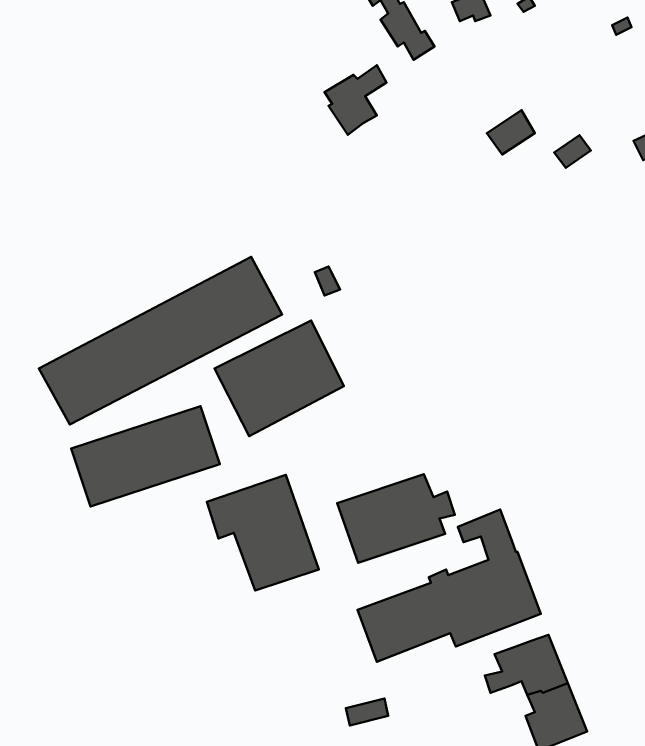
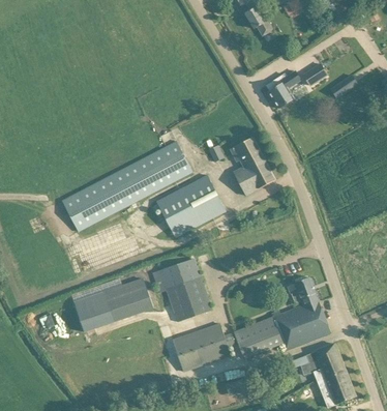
building: [325,65,386,135] -> [266,70,299,108]
building: none -> [229,137,274,195]
building: [71,406,220,506] -> [73,280,153,333]
building: [337,474,455,563] -> [172,323,235,371]

